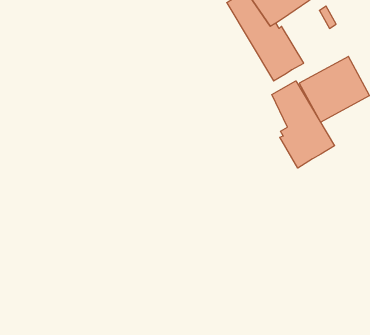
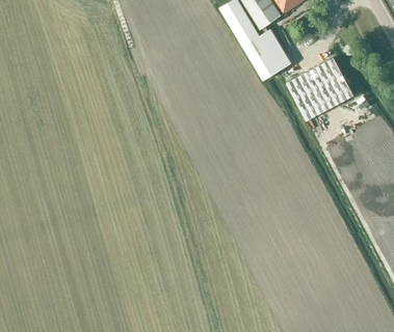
building: [272,81,335,168] -> none

